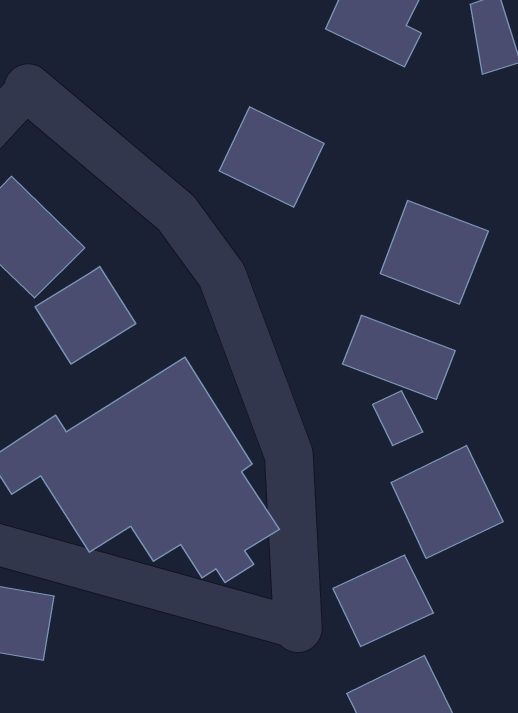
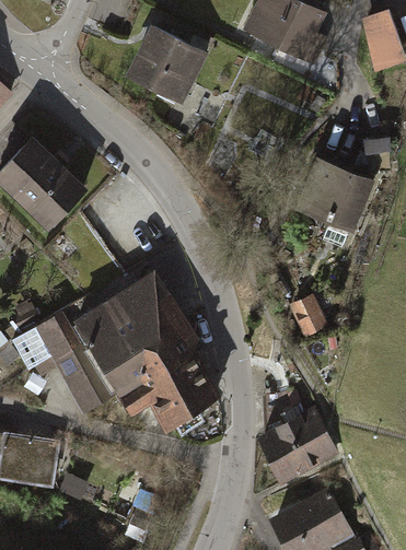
building: [219,107,324,207] -> [126,28,201,101]
building: [35,266,136,364] -> none
building: [342,315,455,399] -> none
building: [391,445,503,558] -> none

